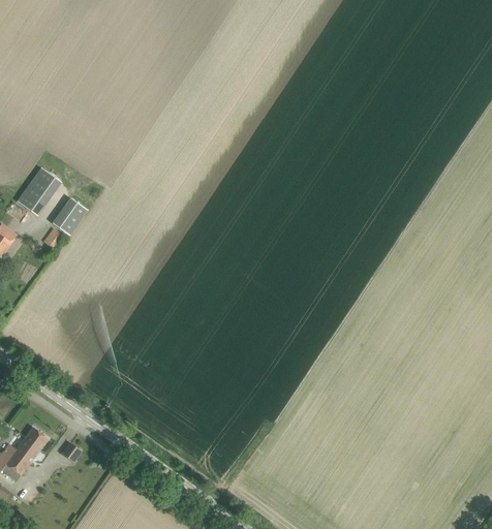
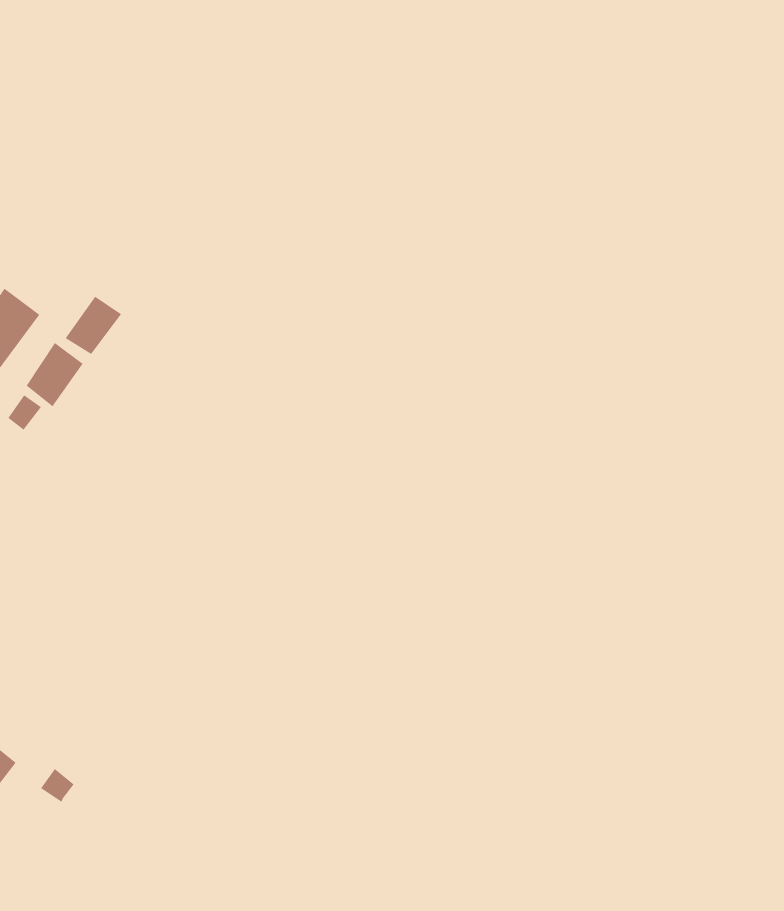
building: none -> [65,296,122,355]

